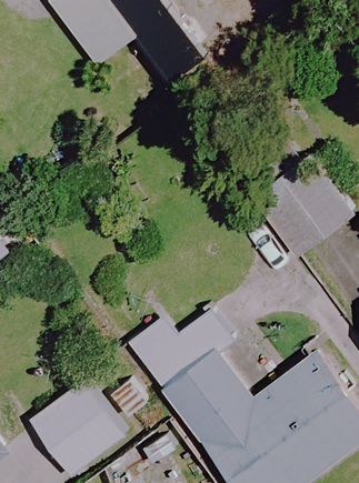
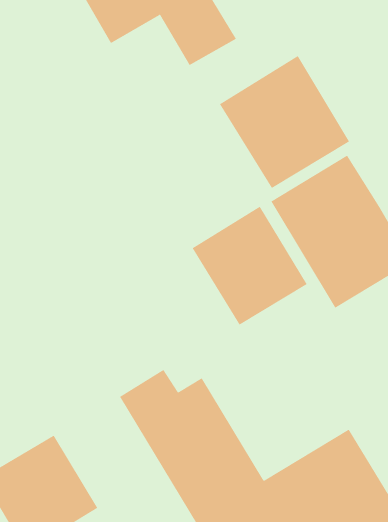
building: none -> [219,55,350,189]
building: none -> [192,206,307,325]

